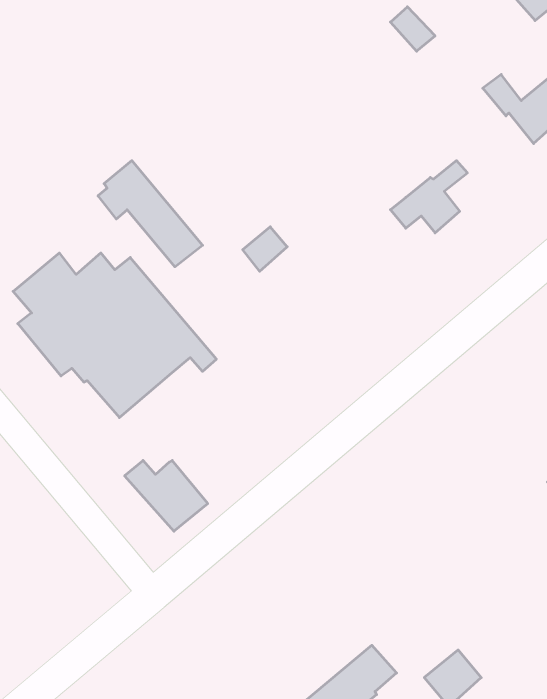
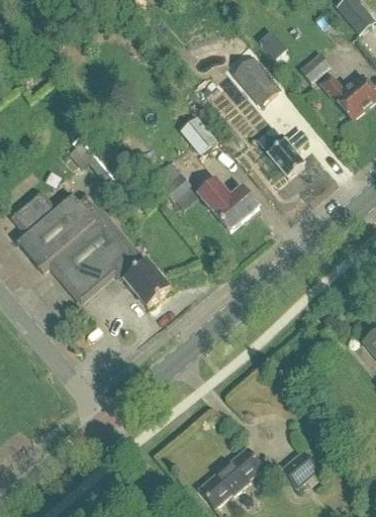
building: none -> [299,49,332,81]
building: none -> [234,59,277,103]
building: none -> [181,116,214,153]
building: none -> [200,183,259,229]
building: [125,460,208,531] -> [115,258,170,305]

